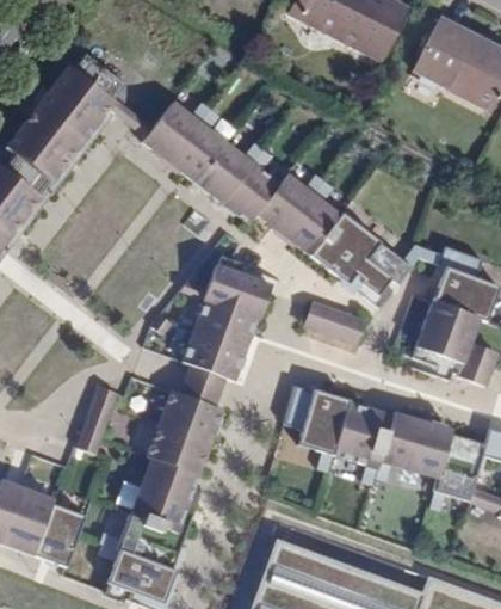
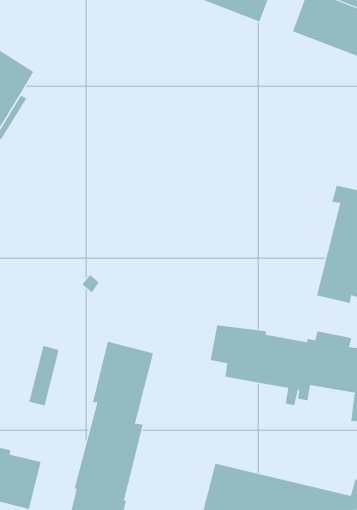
building: [134,102,409,303] -> none
building: [183,254,274,381] -> none
building: [295,296,359,343] -> none

